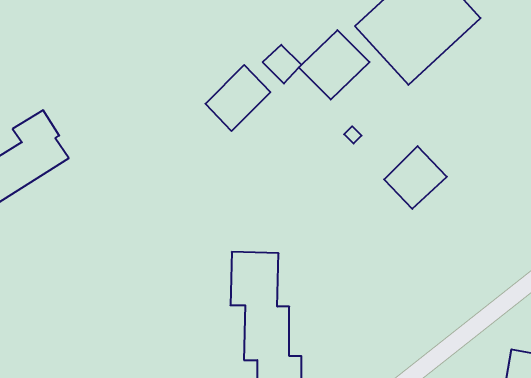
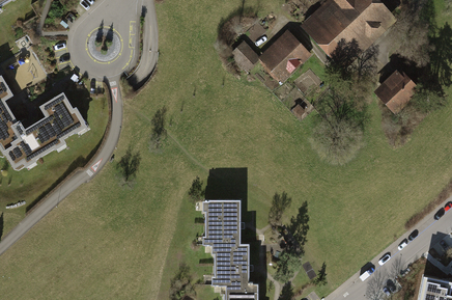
building: [205,65,270,131] -> none
building: [384,146,447,209] -> [373,65,422,114]

